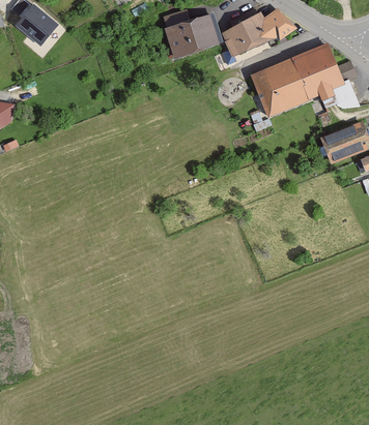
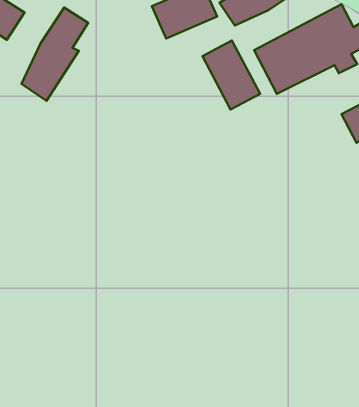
building: none -> [22,7,88,101]
building: none -> [202,41,260,109]

